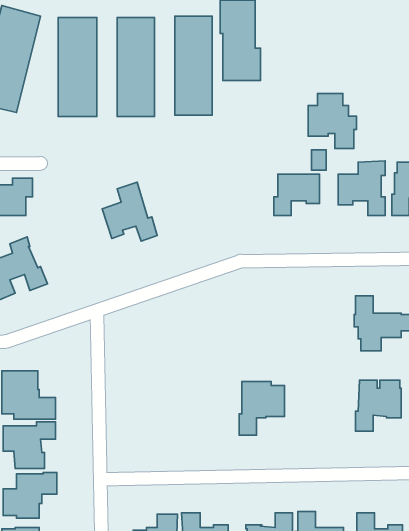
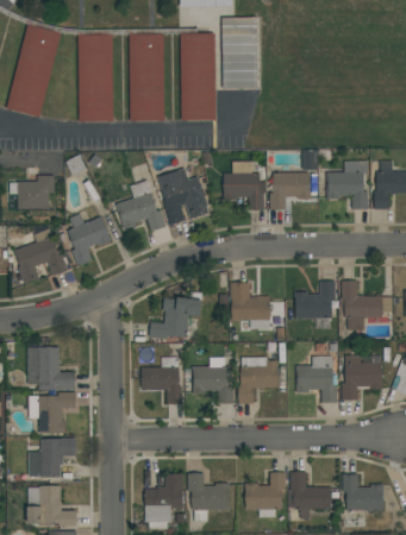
building: [308,93,356,148] -> [224,162,267,210]
building: none -> [157,168,208,225]
building: none -> [67,213,111,266]
building: none -> [294,281,335,319]
building: none -> [231,283,270,328]
building: none -> [149,291,202,339]
building: none -> [140,357,182,404]
building: none -> [295,357,337,403]
building: none -> [193,358,233,404]

